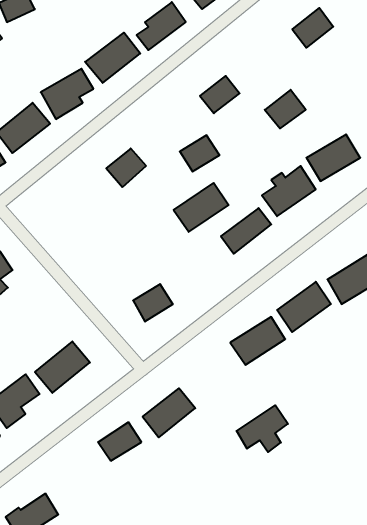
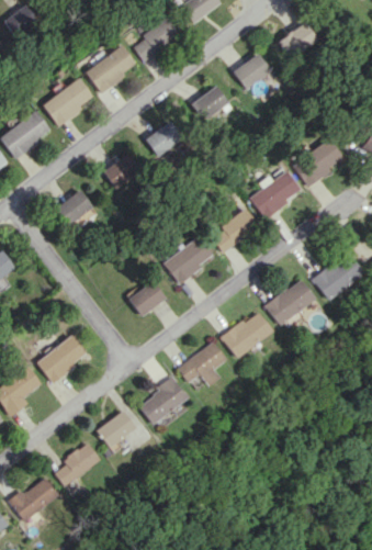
building: [265,90,306,128] -> [233,53,271,89]
building: [180,135,220,172] -> [146,122,183,156]
building: [174,183,229,232] -> [164,237,215,283]
building: none -> [57,189,94,225]
building: [236,405,288,452] -> [178,343,226,386]
building: none -> [56,442,101,486]

